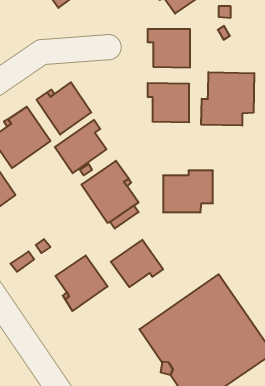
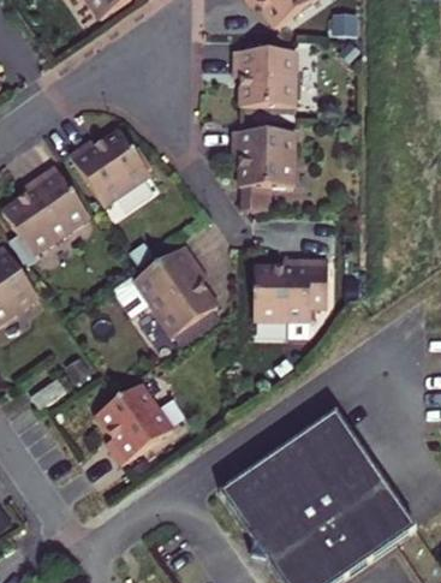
building: [201,72,254,126] -> none
building: [55,120,106,173] -> none
building: [111,240,163,287] -> none

